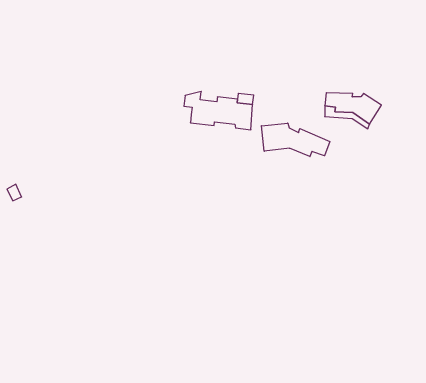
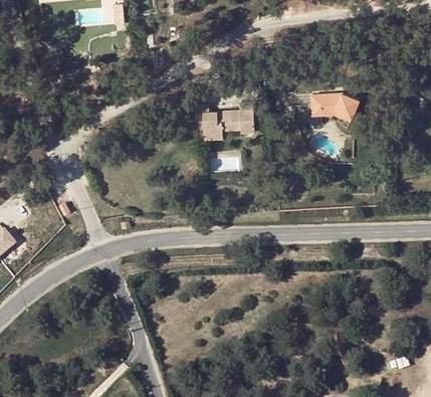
building: [261,123,330,157] -> none

